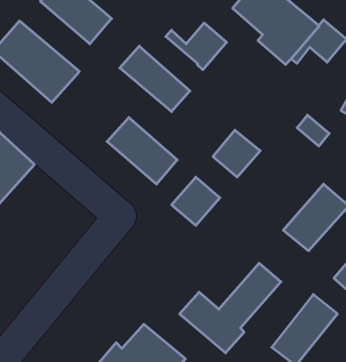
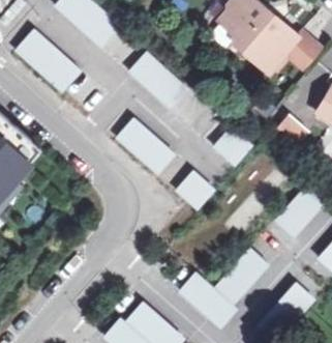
building: [166,23,227,70] -> none

